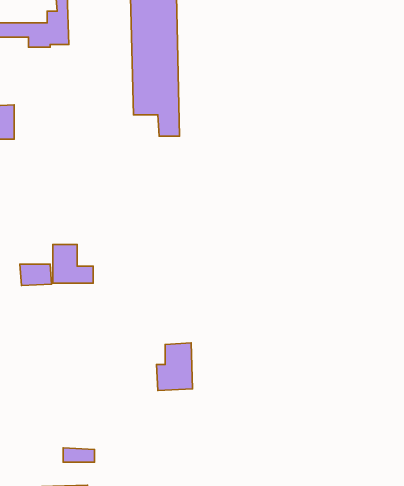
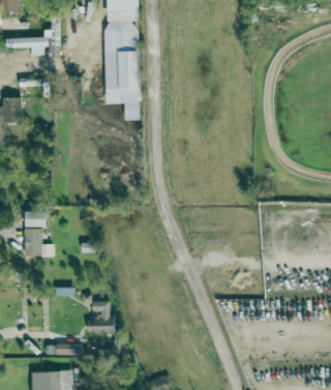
building: [53,245,93,283] -> [25,228,54,256]
building: [157,343,192,390] -> [87,300,113,334]

